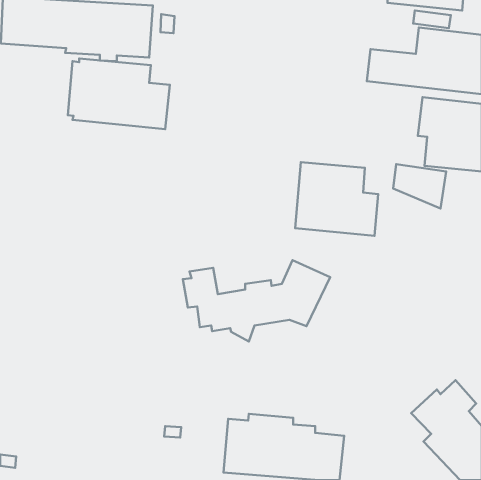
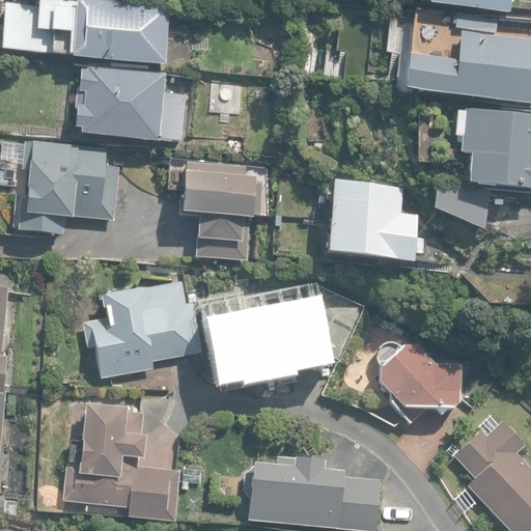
building: none -> [19,140,119,233]
building: none -> [179,163,256,259]
building: none -> [84,280,202,376]
building: none -> [380,345,462,423]
building: none -> [63,402,179,521]

